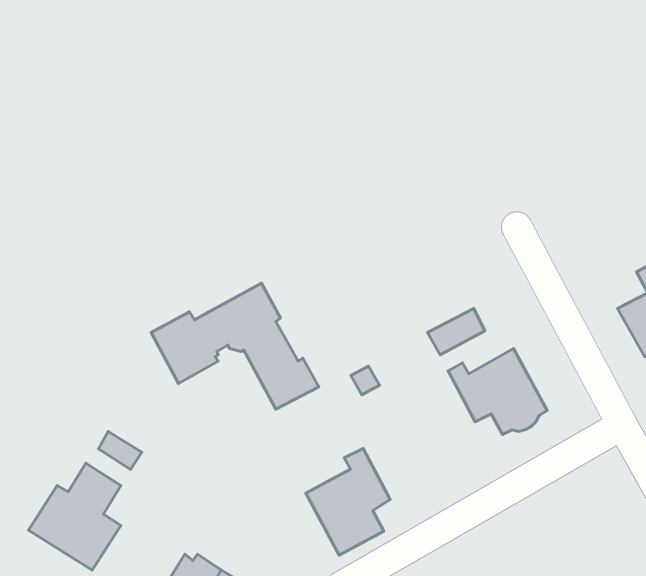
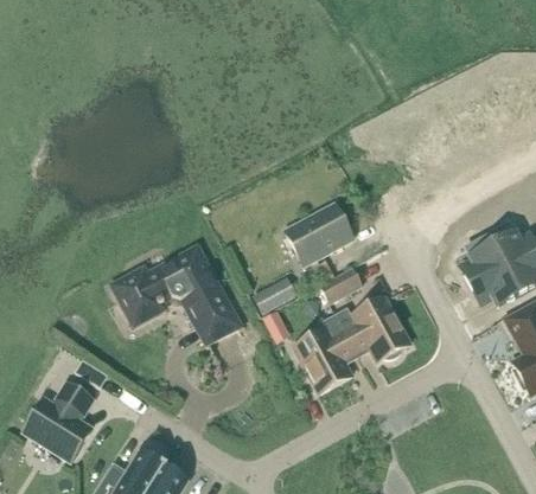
building: none -> [286,203,353,263]
building: none -> [255,277,296,312]
building: [306,448,390,555] -> [293,313,356,392]

